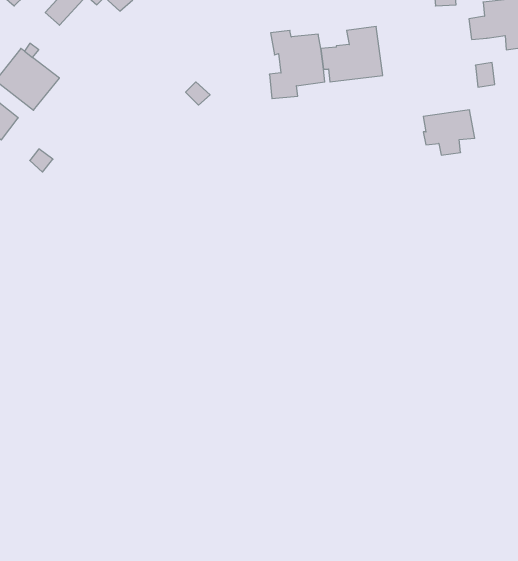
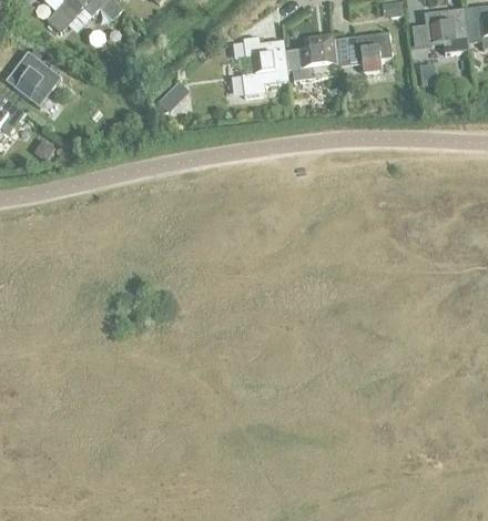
building: [423,110,475,155] -> [348,33,393,72]

